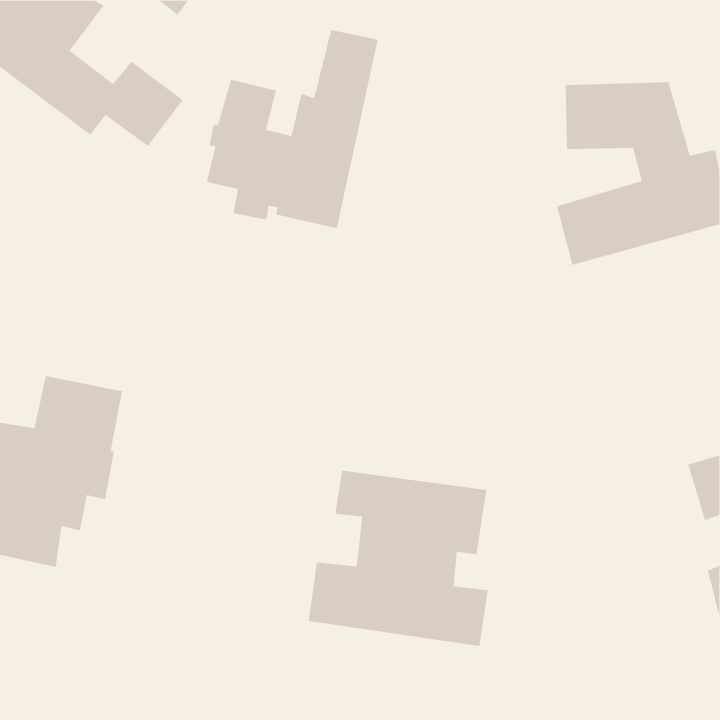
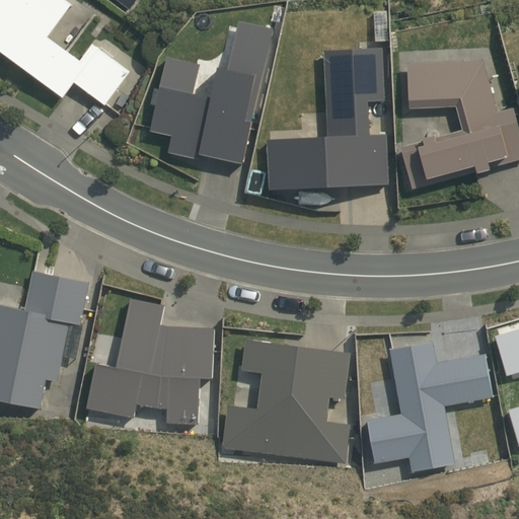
building: none -> [265,49,388,192]
building: none -> [86,298,213,424]
building: none -> [365,341,492,472]

